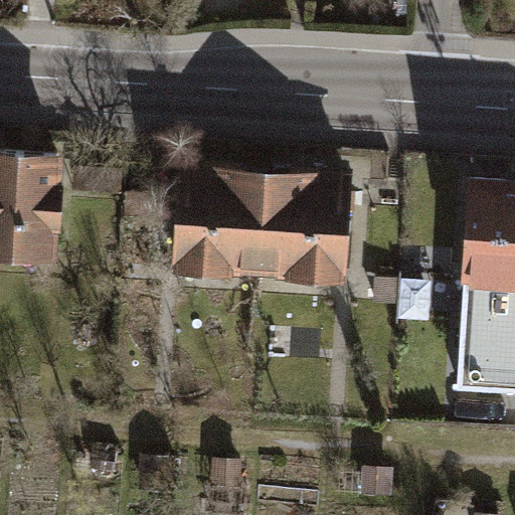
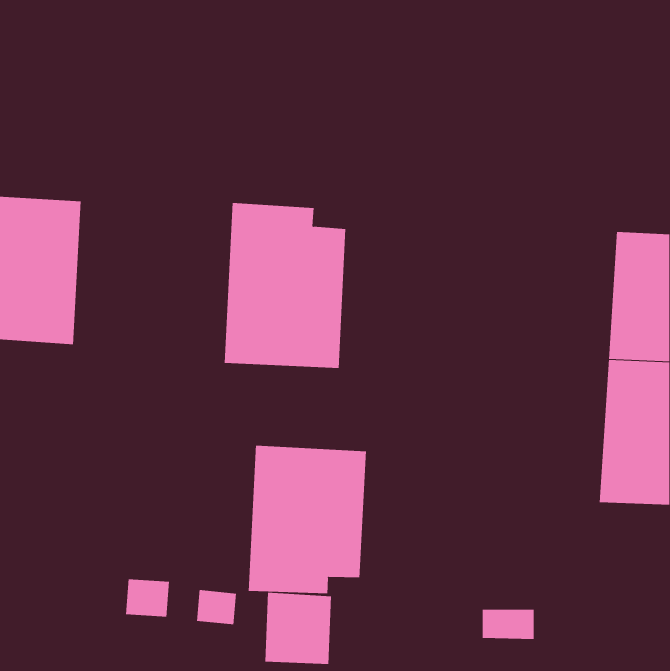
building: [260,164,354,288] -> none
building: none -> [248,445,367,594]

